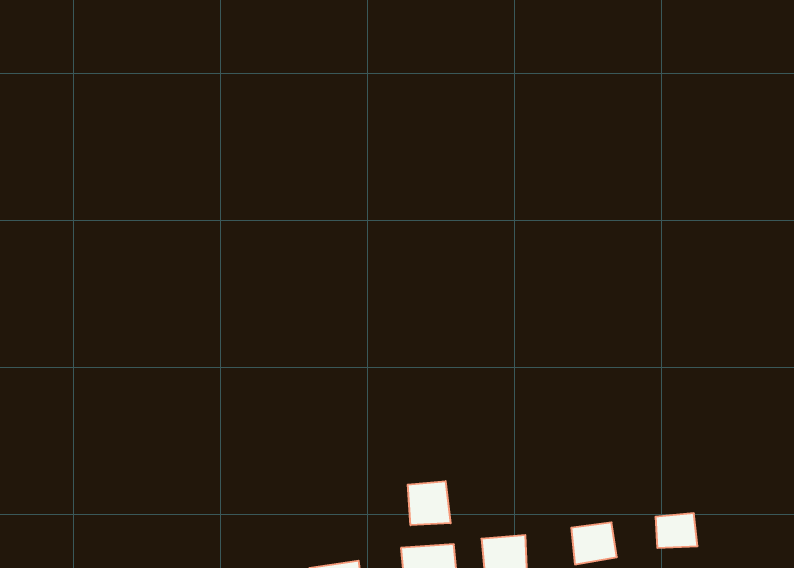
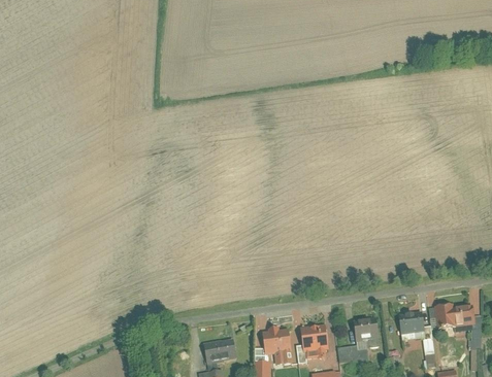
building: [408,481,451,525] -> none
building: none -> [433,304,471,328]

